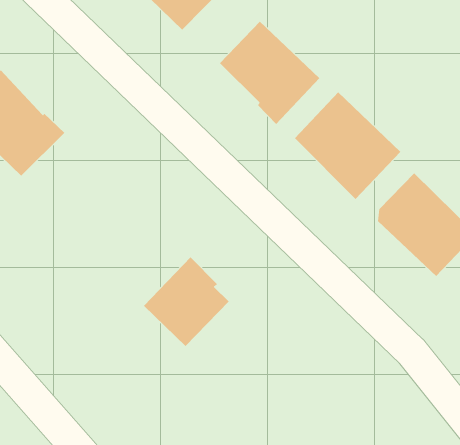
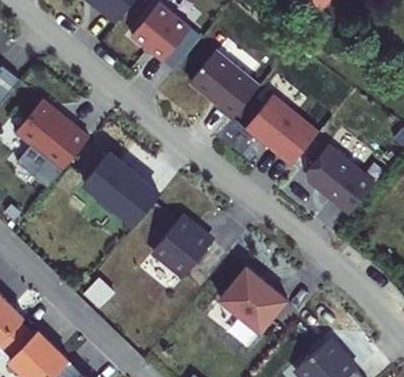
building: none -> [82,154,158,225]
building: none -> [217,266,285,333]

